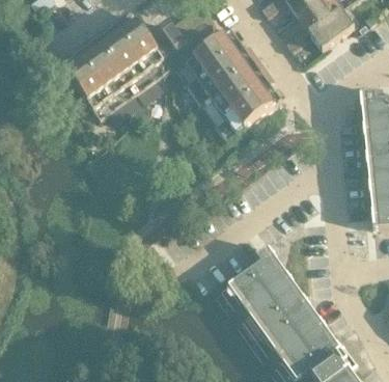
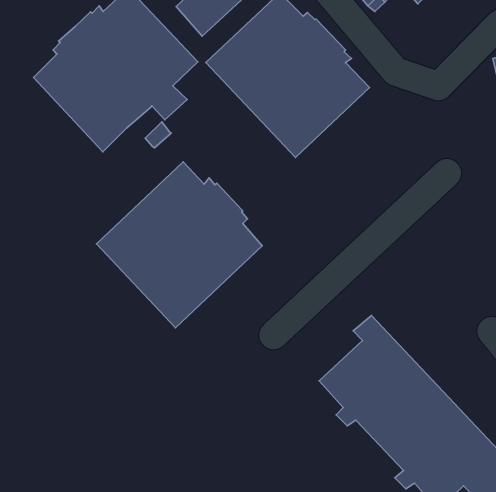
building: none -> [97,162,262,328]

